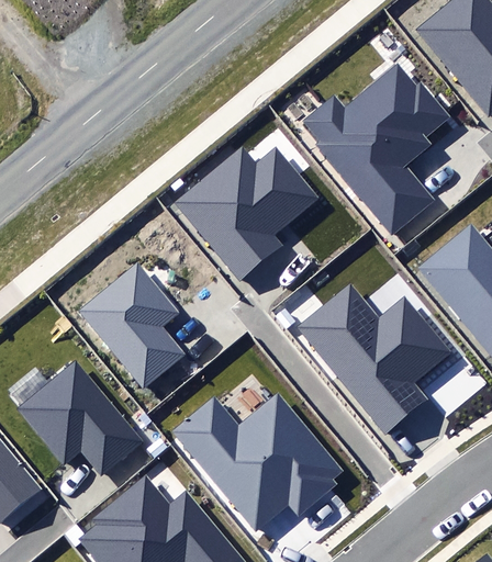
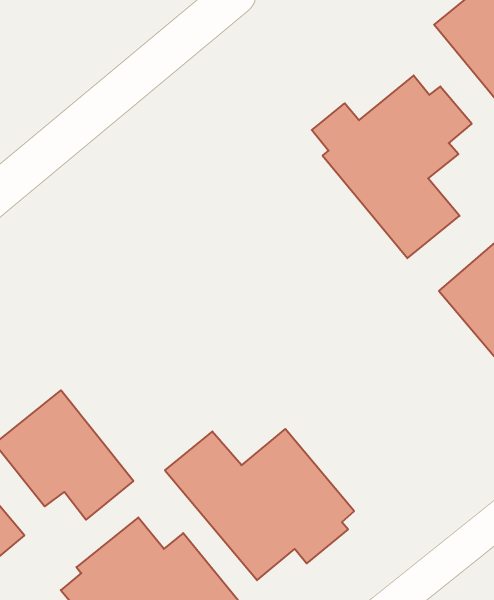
building: [172,144,320,280] -> none
building: [75,260,187,392] -> none
building: [297,284,450,437] -> none

